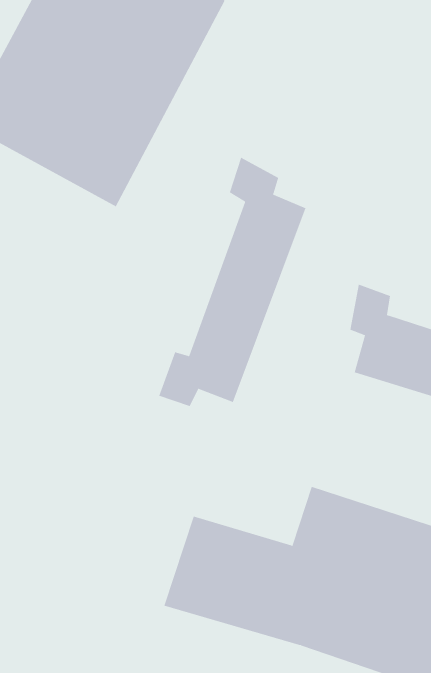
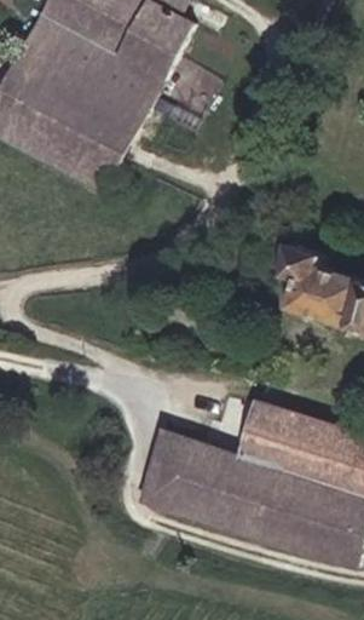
building: [158,157,306,407] -> none

